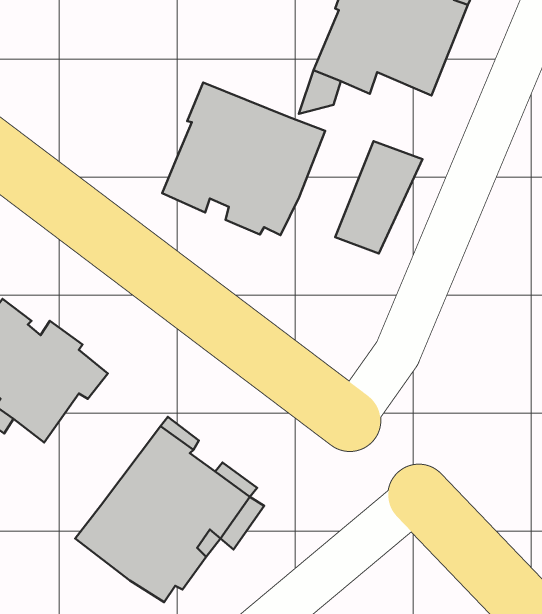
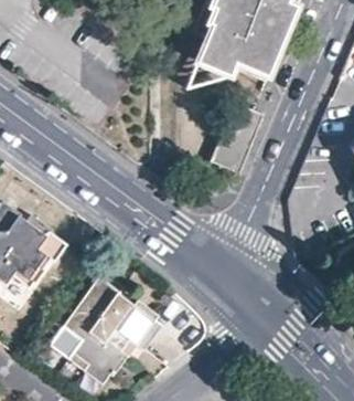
building: [162,83,325,235] -> none

